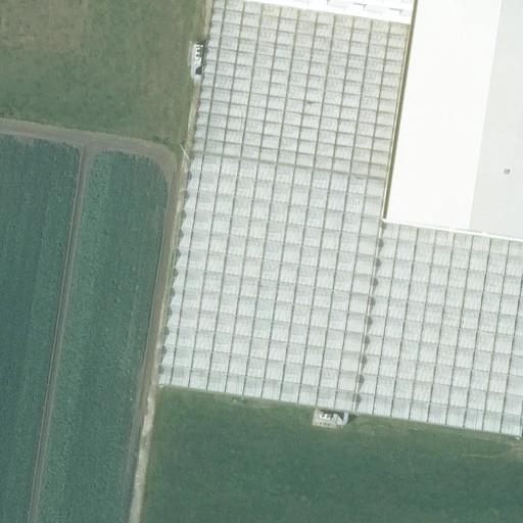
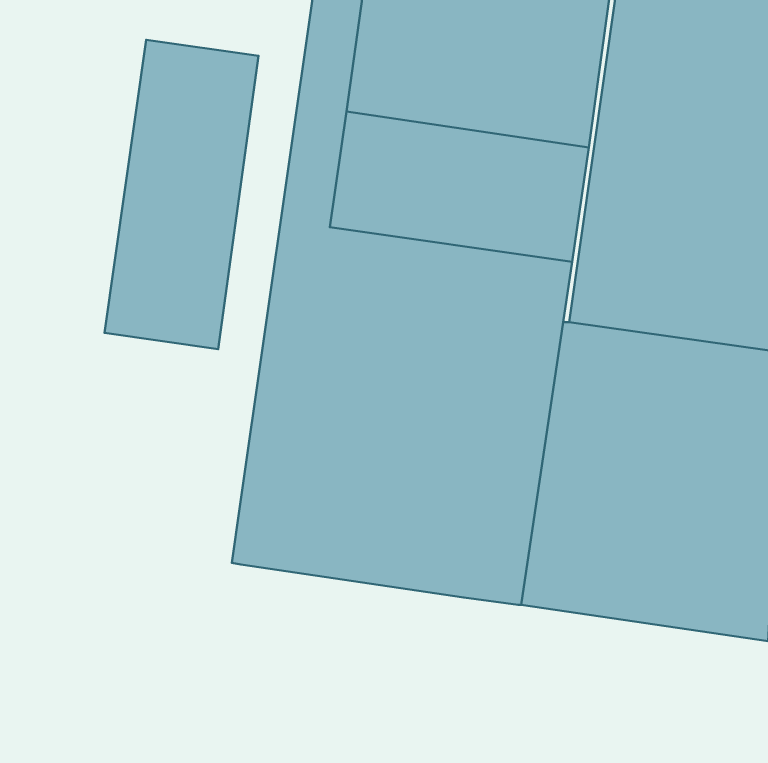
building: none -> [104,40,259,349]

